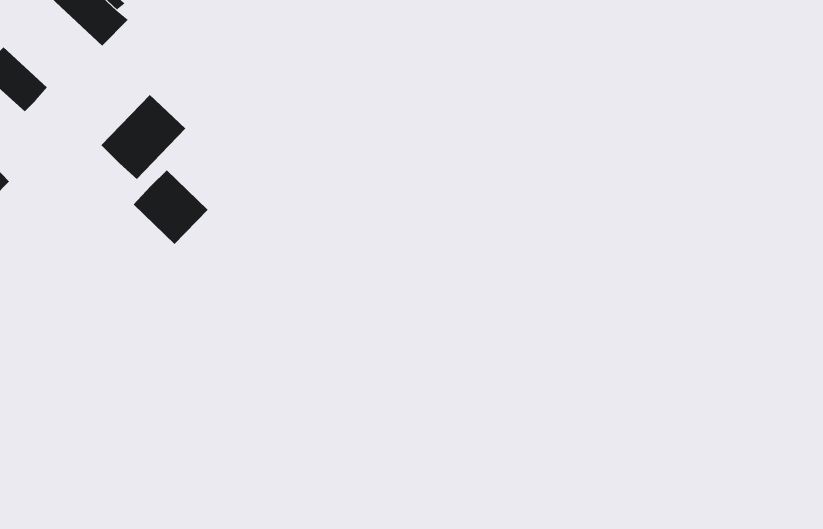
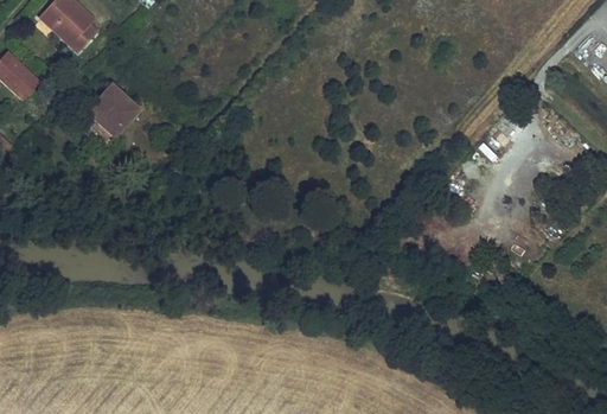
building: [133,170,208,245] -> none

